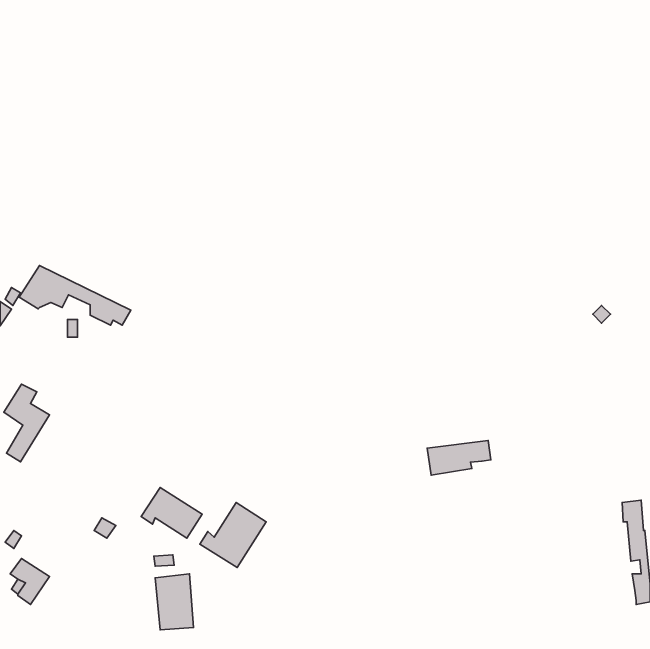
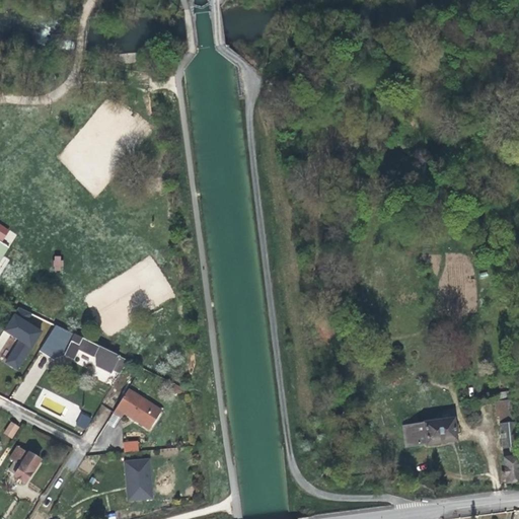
building: [19,265,131,325] -> [39,324,128,372]
building: [427,441,491,475] -> [403,419,454,446]
building: [200,502,266,567] -> none

